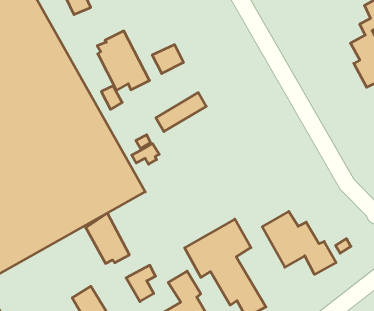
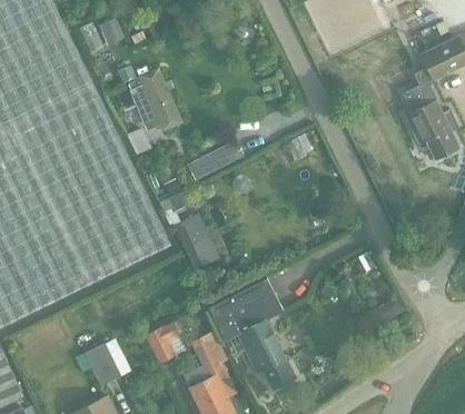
building: [152,45,183,74] -> none
building: [262,211,336,274] -> none
building: [86,213,129,263] -> [175,213,220,267]

